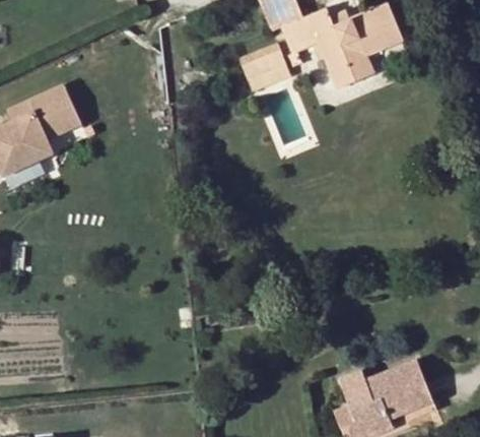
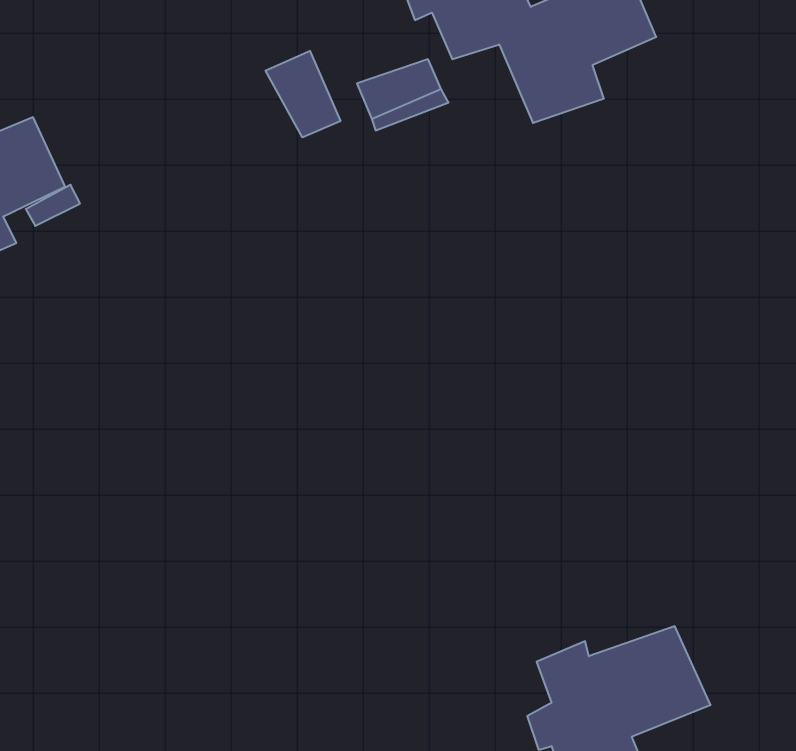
building: none -> [266,51,340,137]

